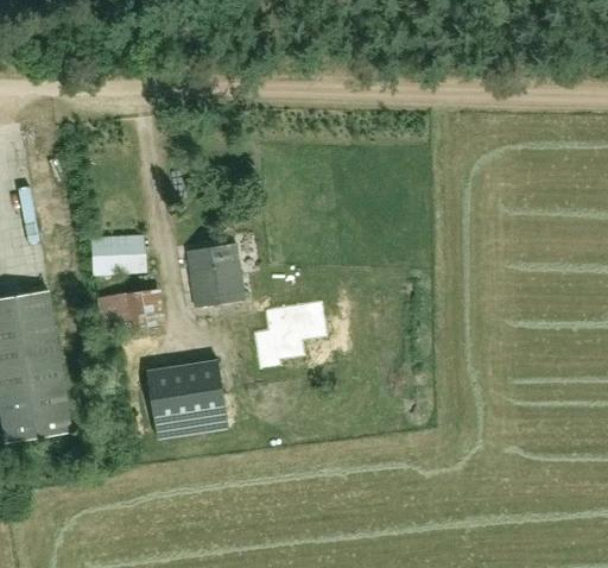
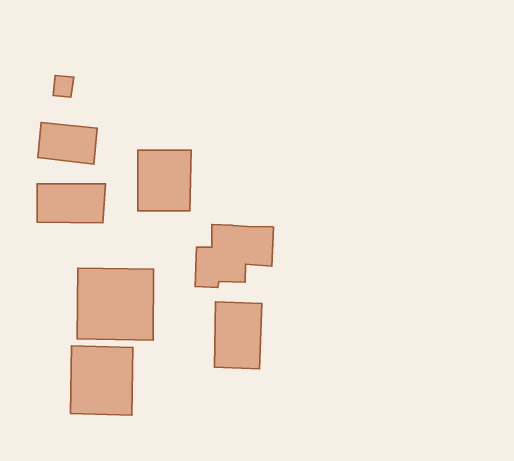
building: none -> [215,302,262,369]
building: none -> [71,346,133,415]

